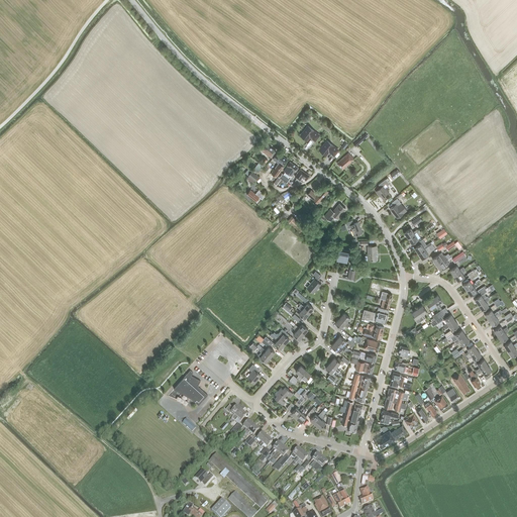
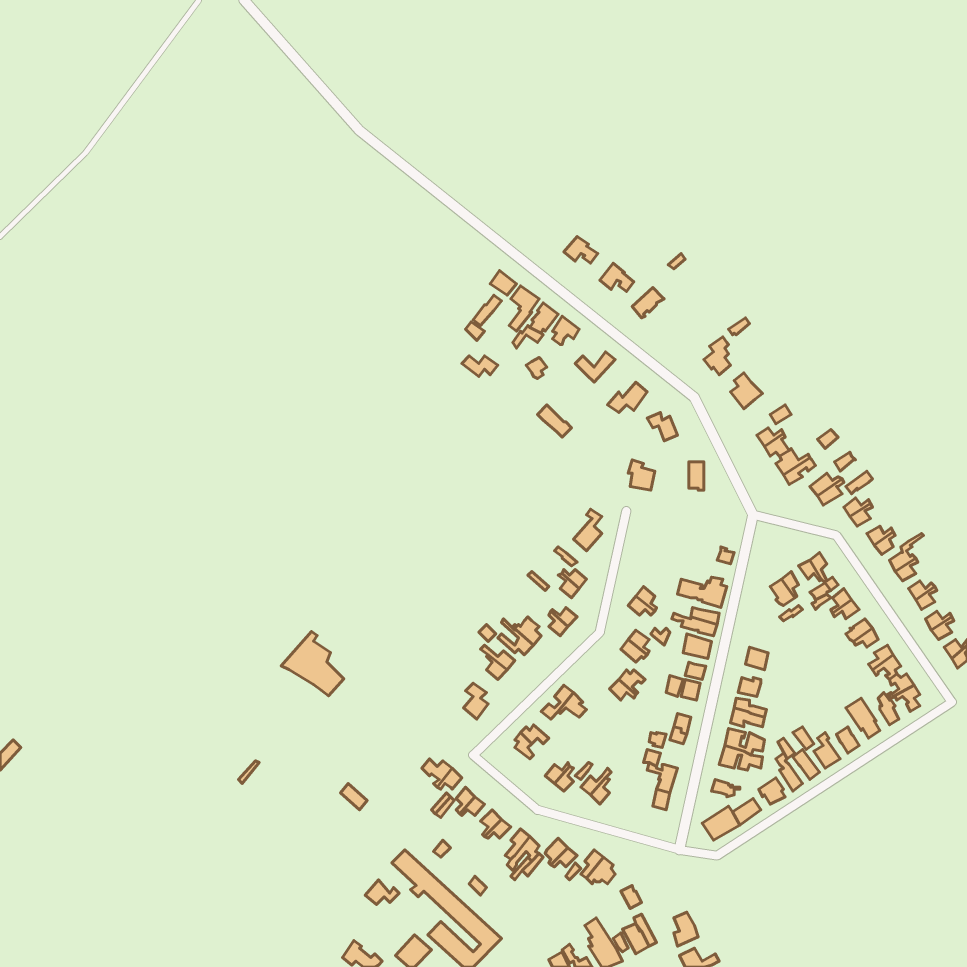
building: [174,371,207,405] -> [281,632,344,696]

